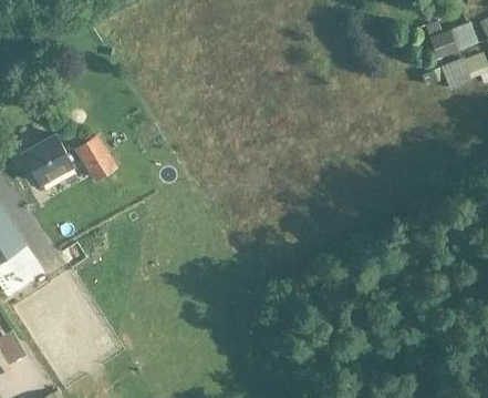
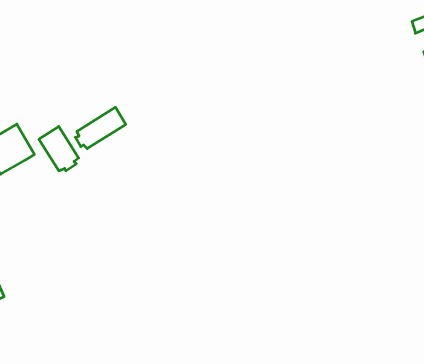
building: none -> [75,107,126,149]

